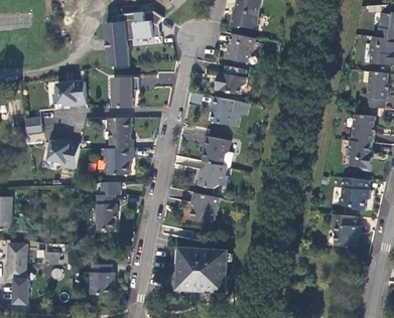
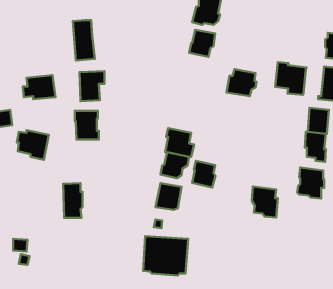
building: [118,11,163,39] -> none
building: [216,64,247,93] -> [227,69,256,96]
building: none -> [275,62,306,95]
building: [212,96,235,125] -> none
building: [106,148,134,173] -> none
building: none -> [192,161,215,187]
building: [334,213,361,246] -> [252,187,278,217]
building: [89,264,112,295] -> none

